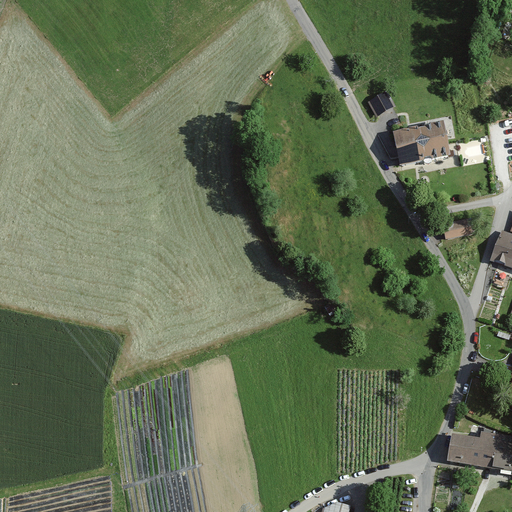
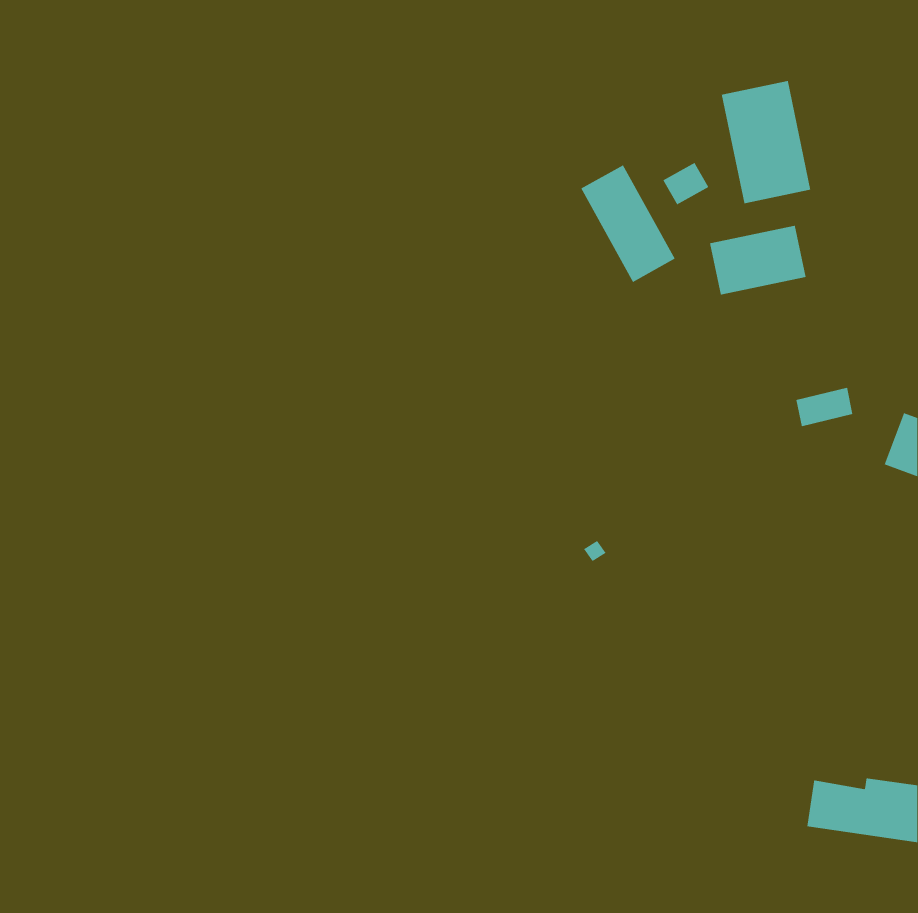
building: none -> [721,80,811,204]
building: none -> [580,164,676,283]

